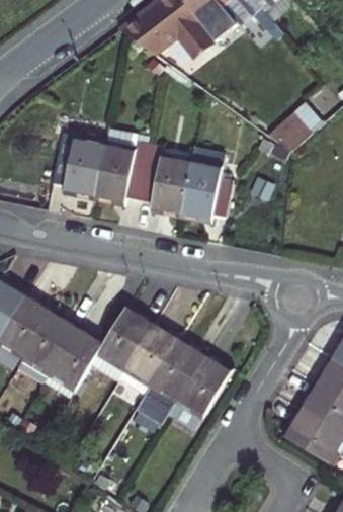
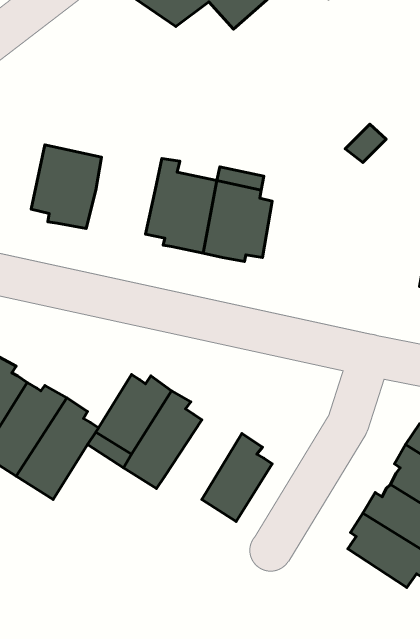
building: [93,145,149,204] -> none
building: [134,339,207,424] -> none

